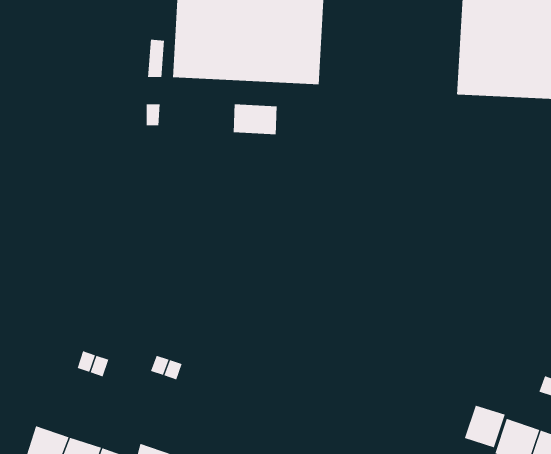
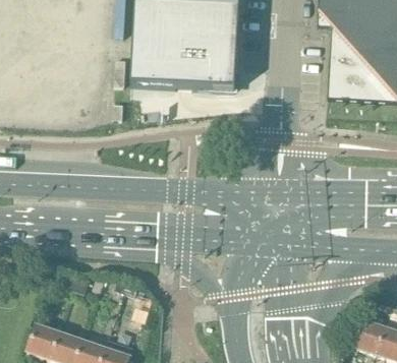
building: [233,103,277,135] -> none
building: [464,405,505,448] -> none

